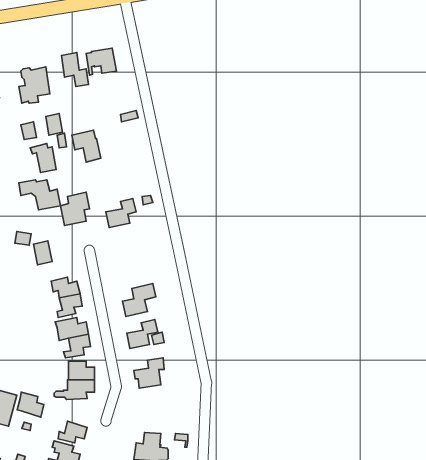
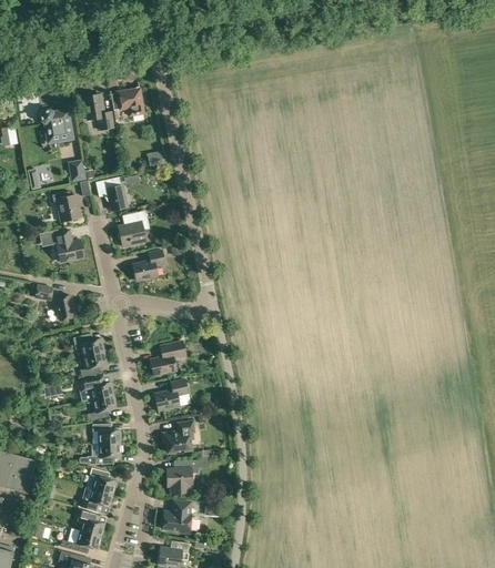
building: [60,192,89,225] -> [118,211,149,246]
building: [17,392,44,417] -> [87,468,115,495]
building: none -> [166,459,198,494]

